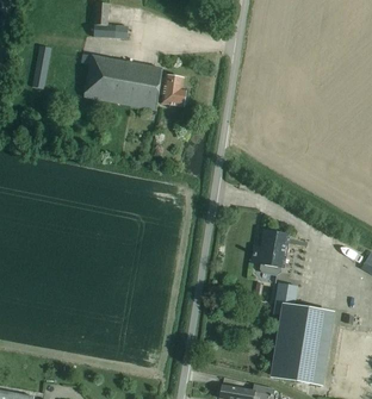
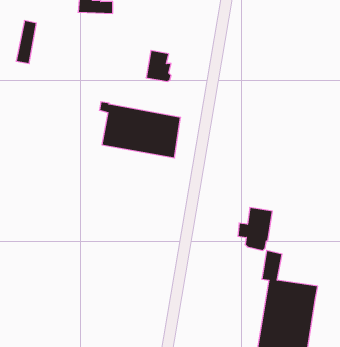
building: [82,54,163,110] -> [99,102,181,158]

